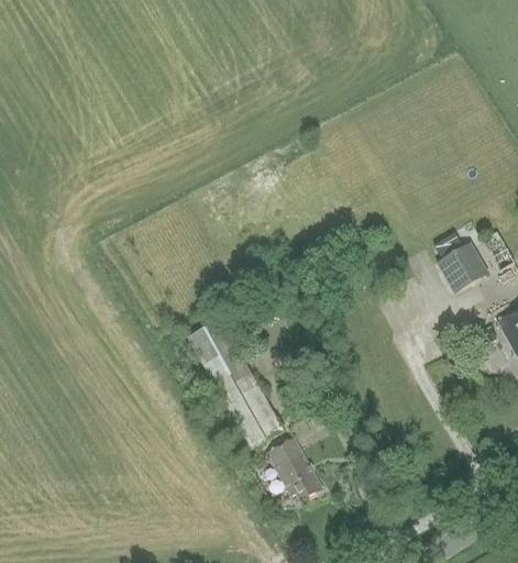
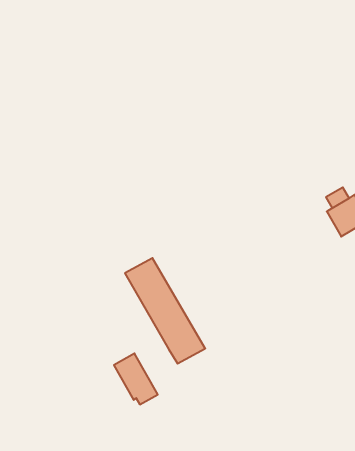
building: [268,439,322,501] -> [114,353,158,404]

